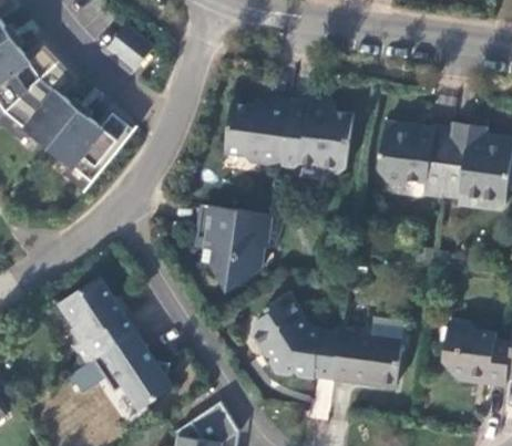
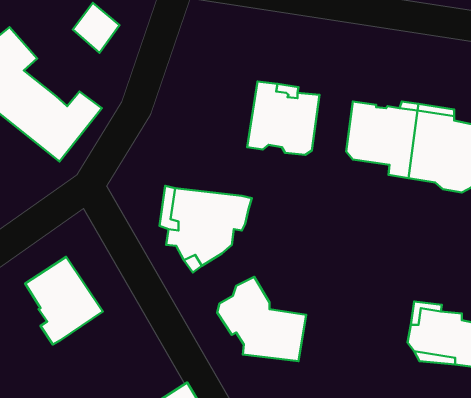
building: [224,97,290,166] -> none
building: [331,326,400,385] -> none
building: [94,330,174,407] -> none

